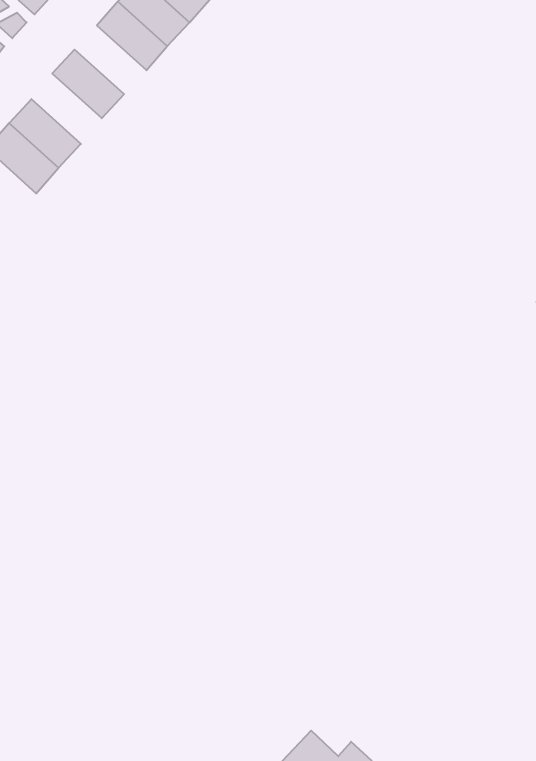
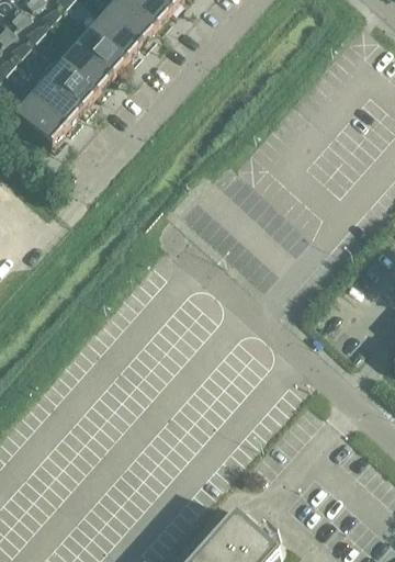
building: none -> [72,27,122,75]
building: none -> [43,60,91,109]

